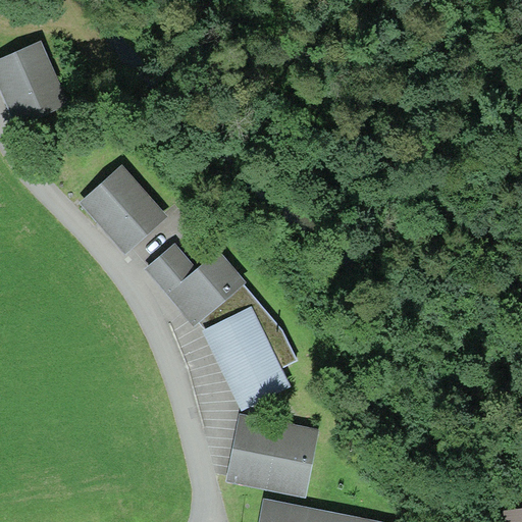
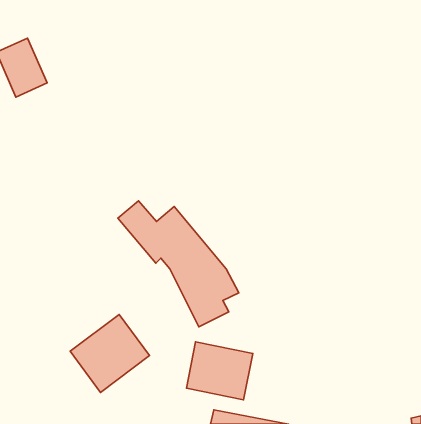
building: [86,172,157,245] -> none
building: none -> [70,314,150,392]

